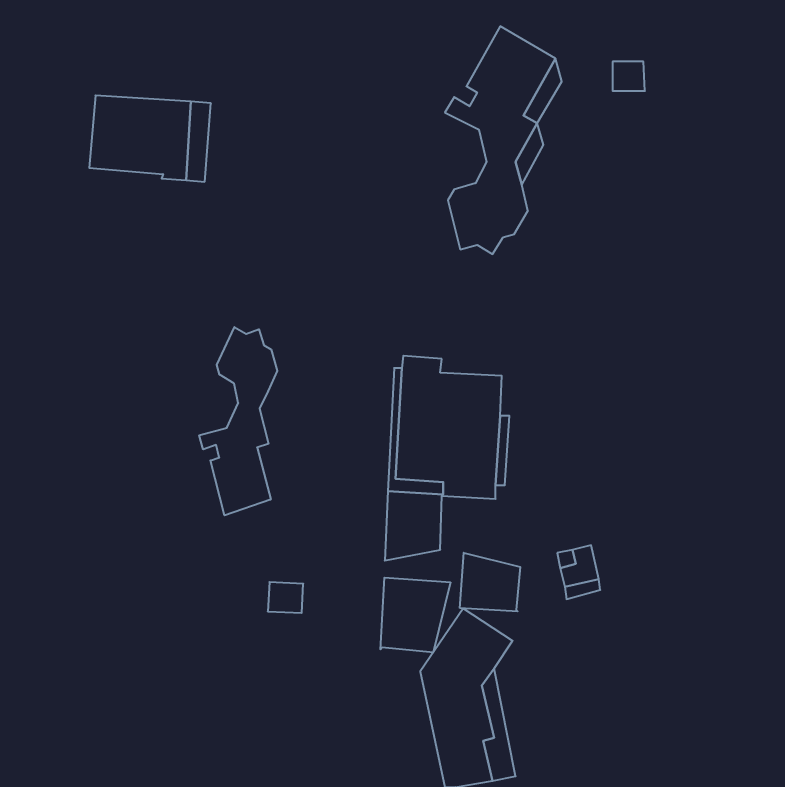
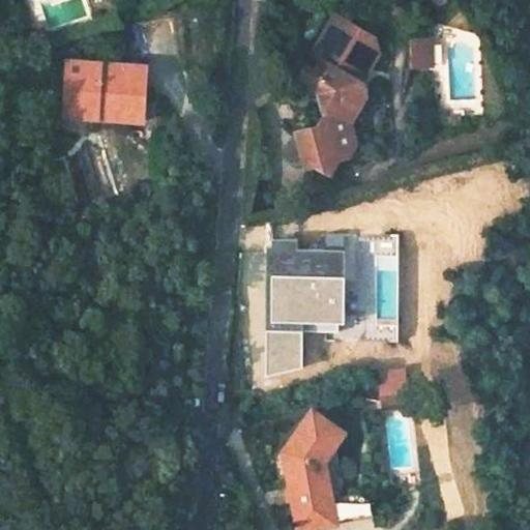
building: [199,327,277,515] -> none
building: [460,553,520,611] -> none
building: [380,578,450,652] -> none

